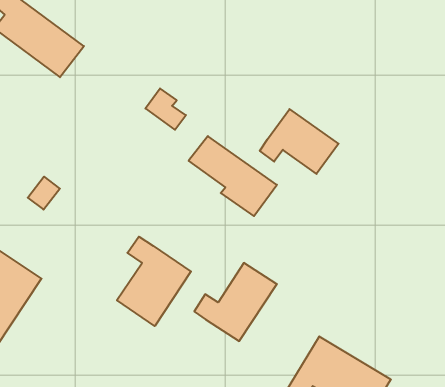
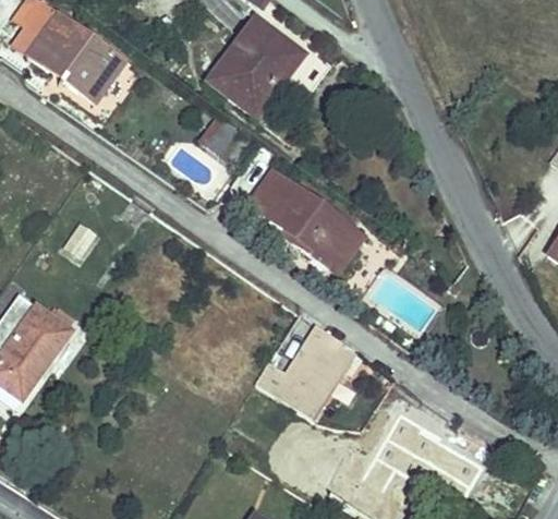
building: none -> [209,19,307,119]
building: [260,109,339,174] -> none
building: [117,237,191,326] -> none

